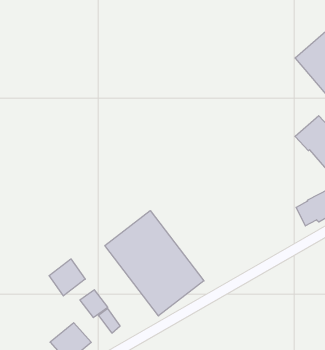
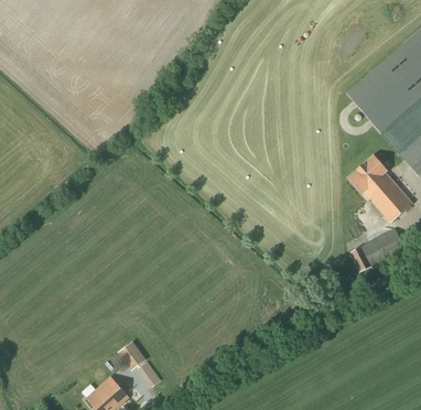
building: [105,211,204,316] -> none
building: [49,259,85,296] -> none

